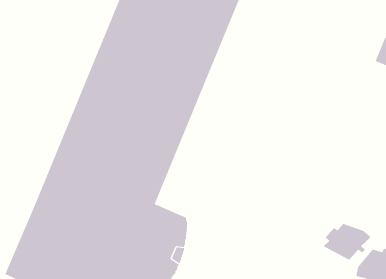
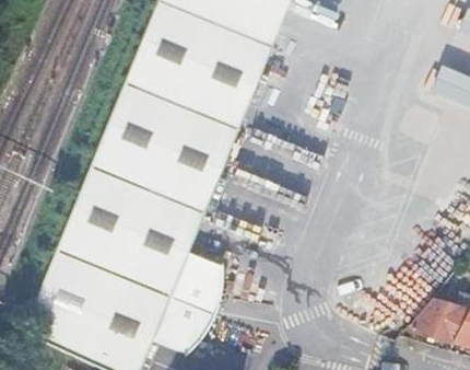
building: [322,223,371,261] -> none

